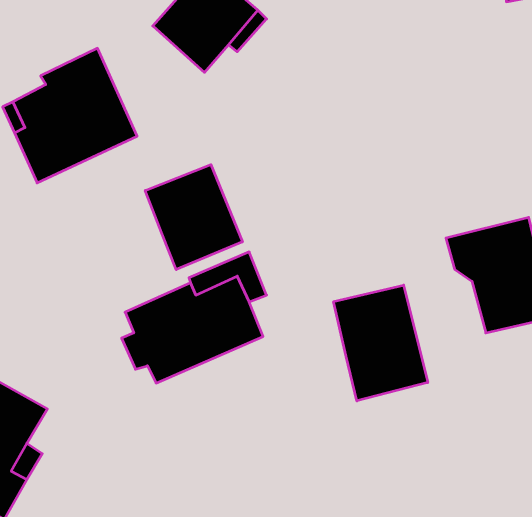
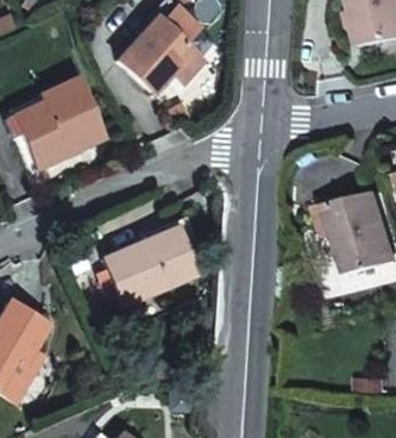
building: [145,165,242,270] -> none
building: [334,285,428,401] -> none

